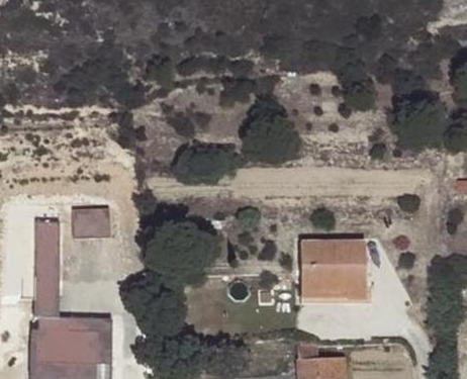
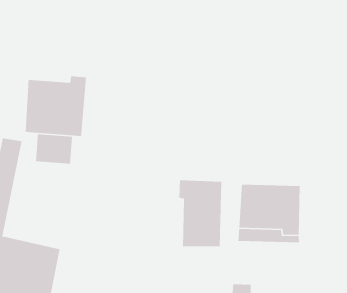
building: none -> [25,75,87,137]
building: none -> [178,180,222,247]

